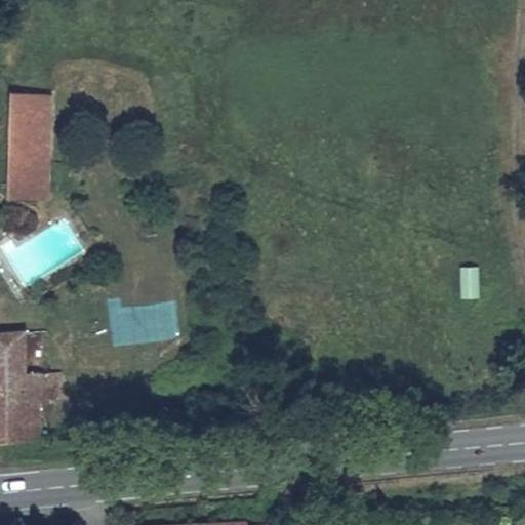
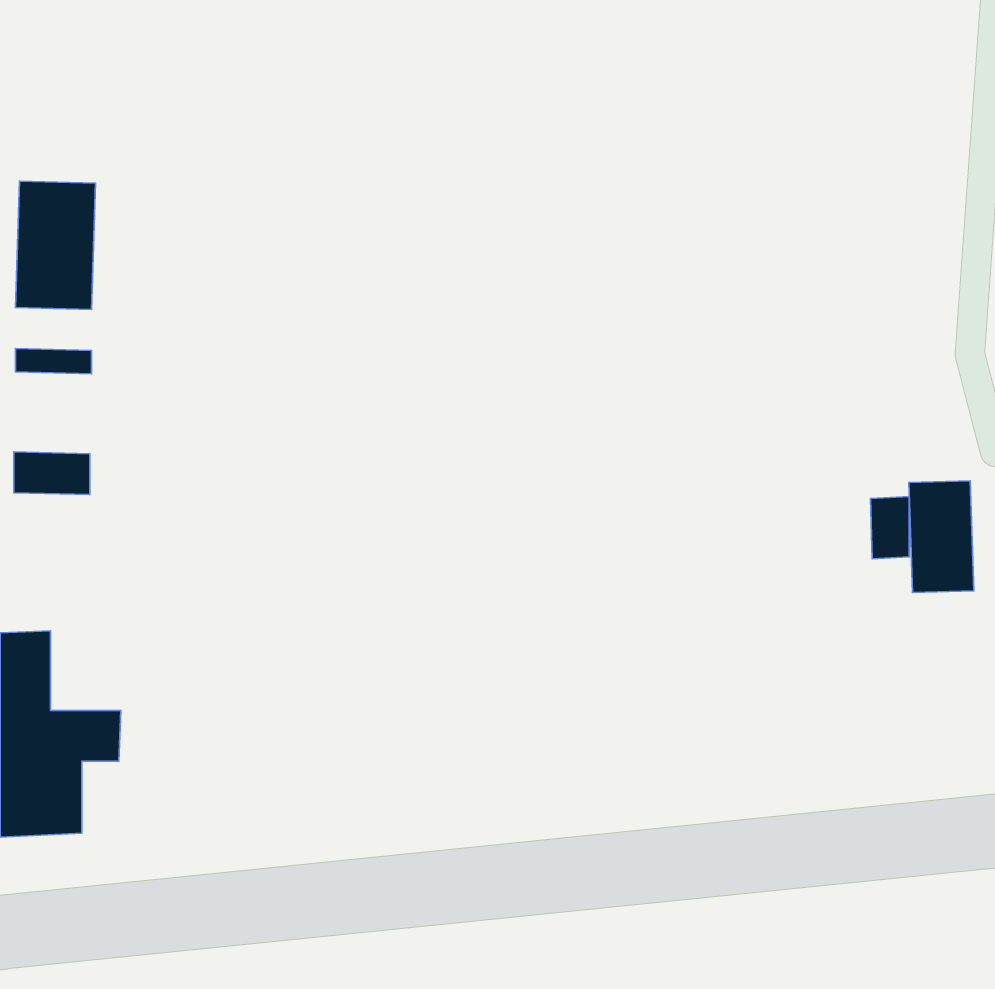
building: [8,162,48,185] -> [14,452,90,495]
building: none -> [909,481,974,592]

